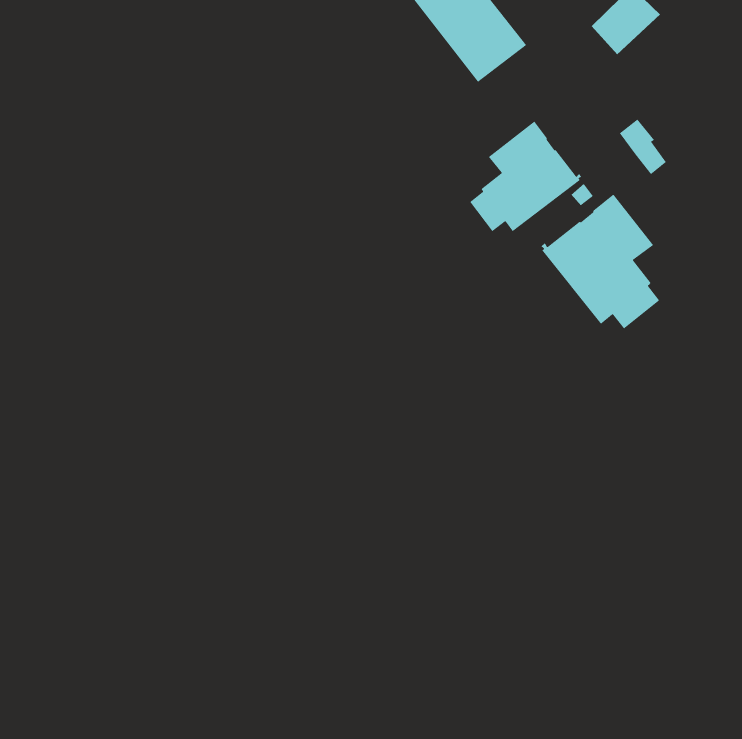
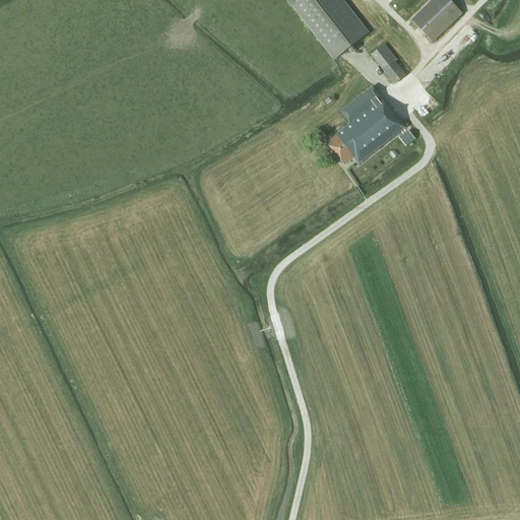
building: [619,118,667,175] -> [372,43,405,82]
building: [540,193,660,330] -> none

